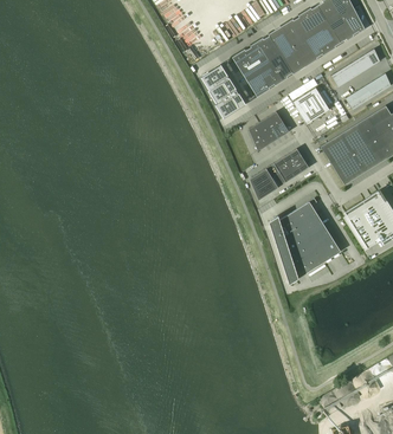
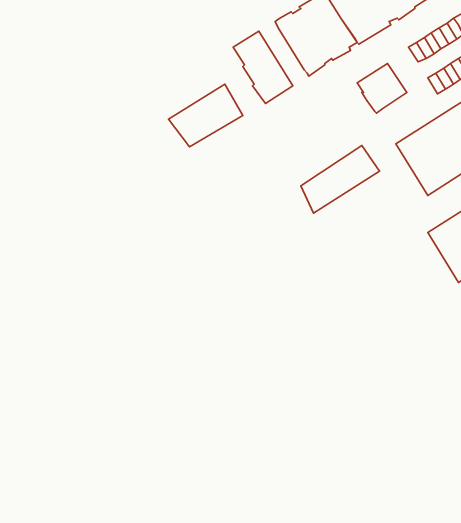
building: none -> [169,84,243,147]
building: [250,111,290,150] -> none
building: [269,197,341,284] -> none

